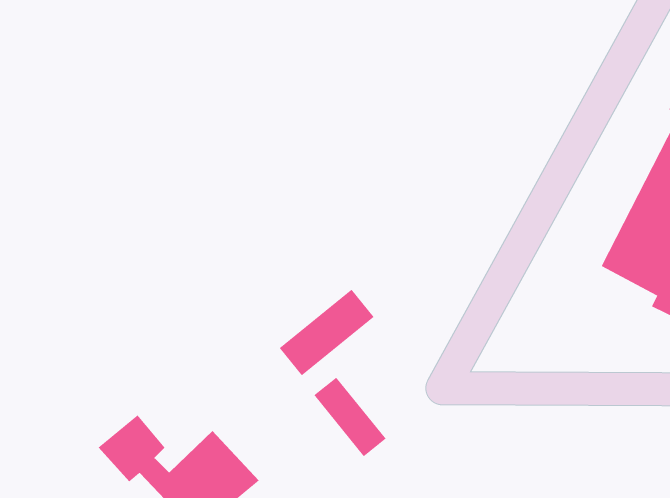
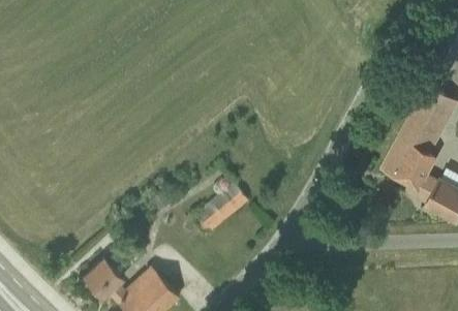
building: [314,377,386,457] -> none

